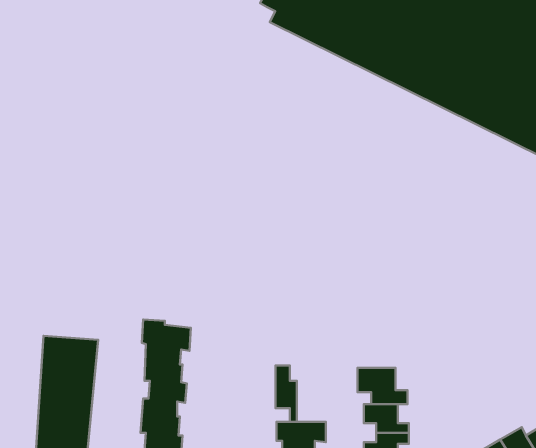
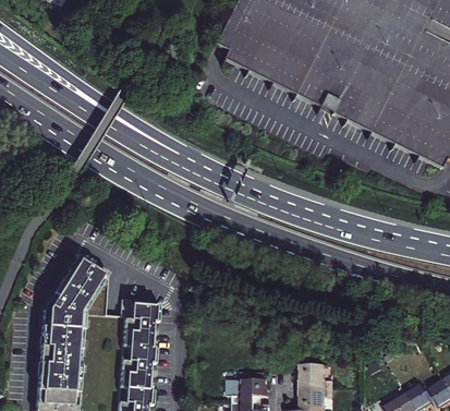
building: none -> [41,253,109,312]
building: [275,365,297,422] -> none
building: [358,368,407,404] -> none

